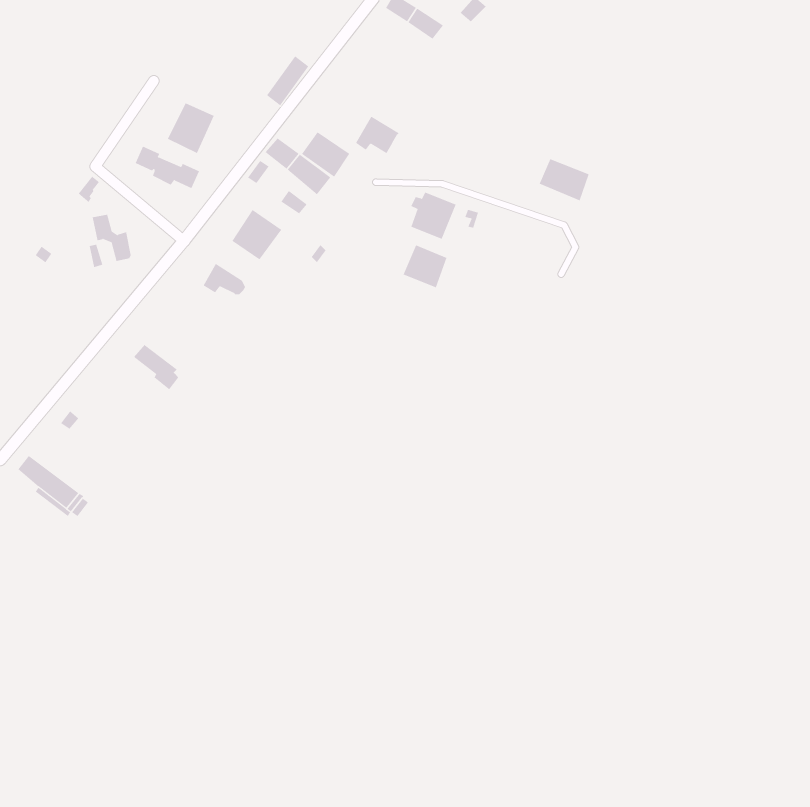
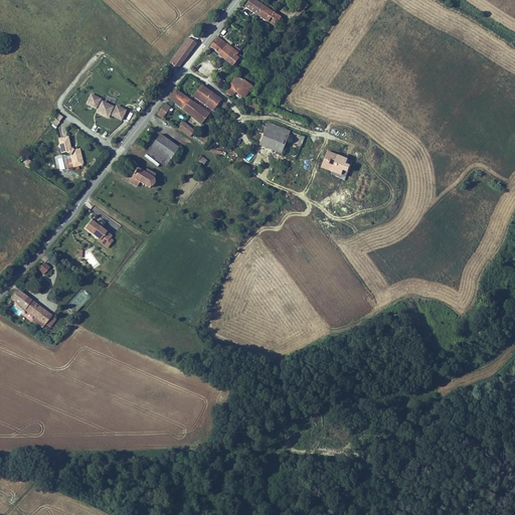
building: none -> [210,35,239,65]
building: [167,102,215,154] -> none
building: [539,158,590,201] -> [321,150,353,177]
building: [403,245,447,288] -> none

